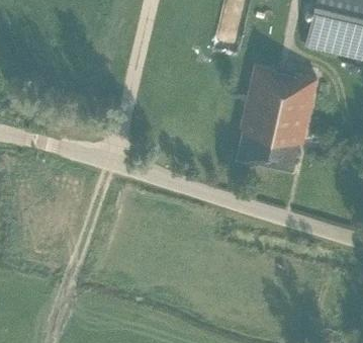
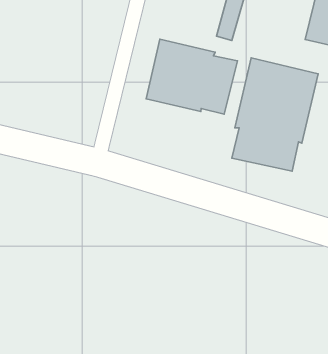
building: none -> [146,39,238,114]

